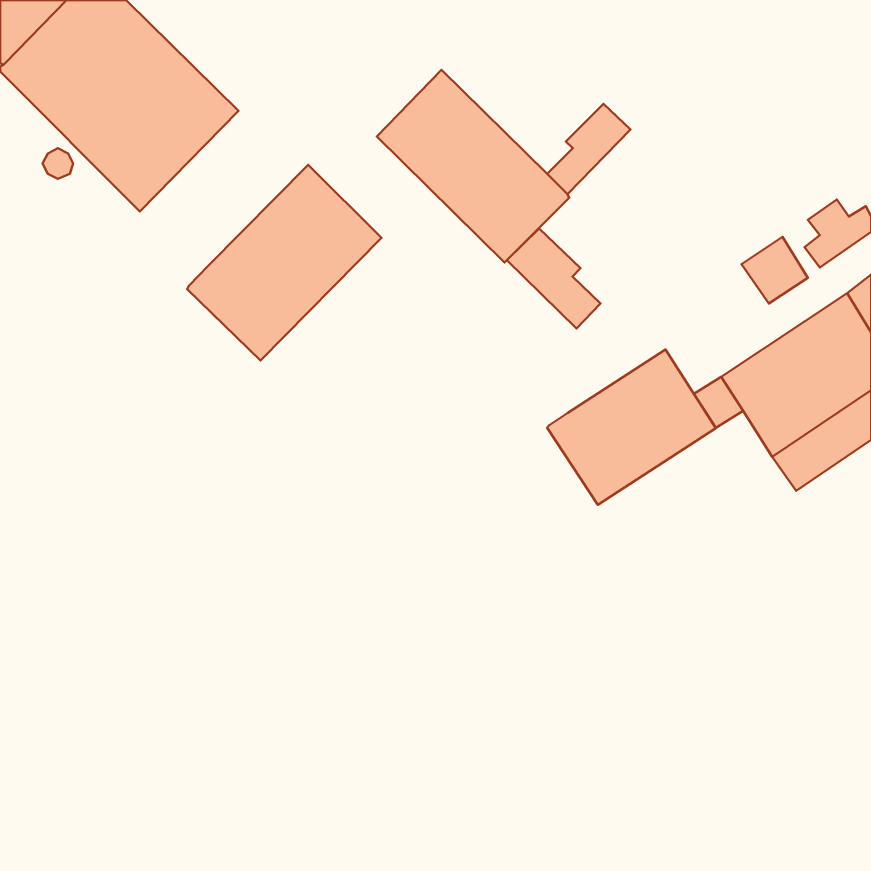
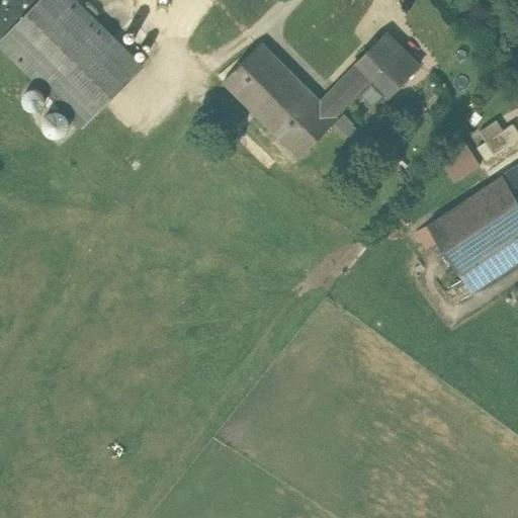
building: none -> [358,32,419,94]
building: [187,165,382,361] -> none
building: [507,229,601,329] -> none
building: [547,350,716,505] -> none

